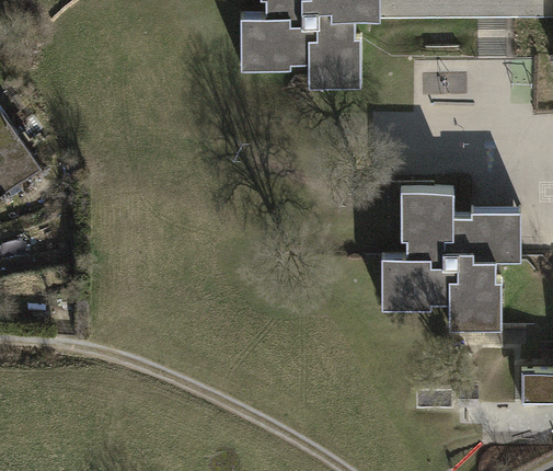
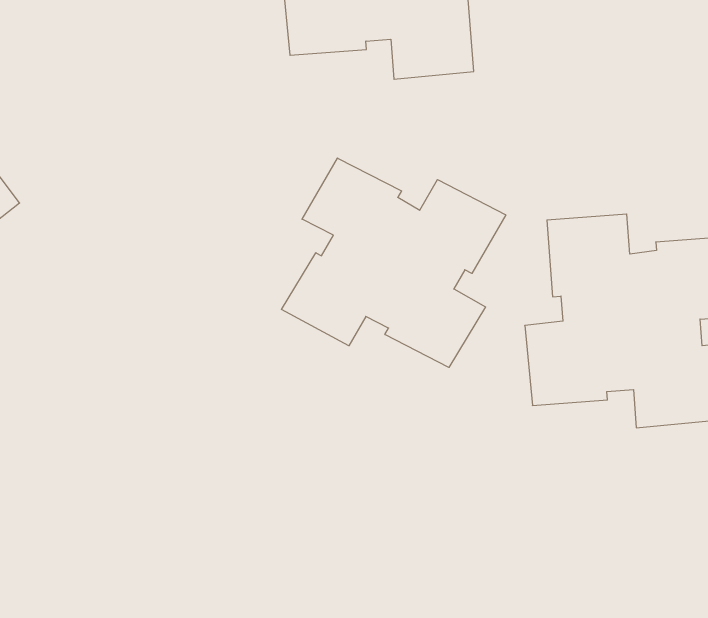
building: none -> [281,158,506,367]

